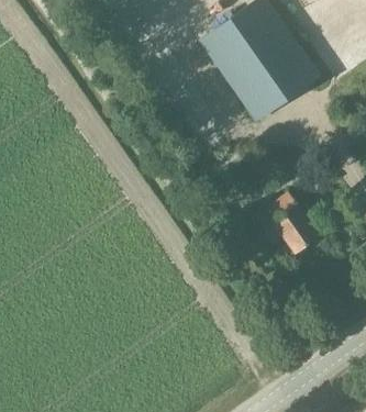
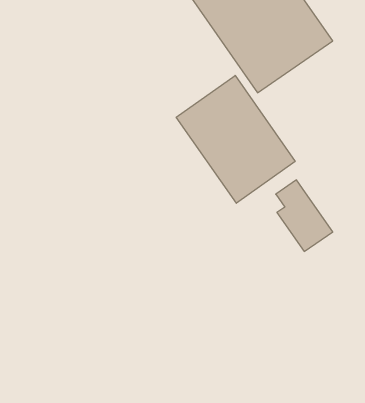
building: none -> [176,75,295,203]

